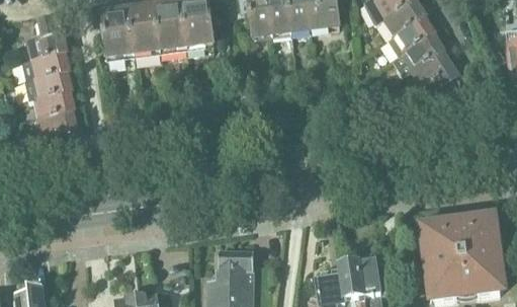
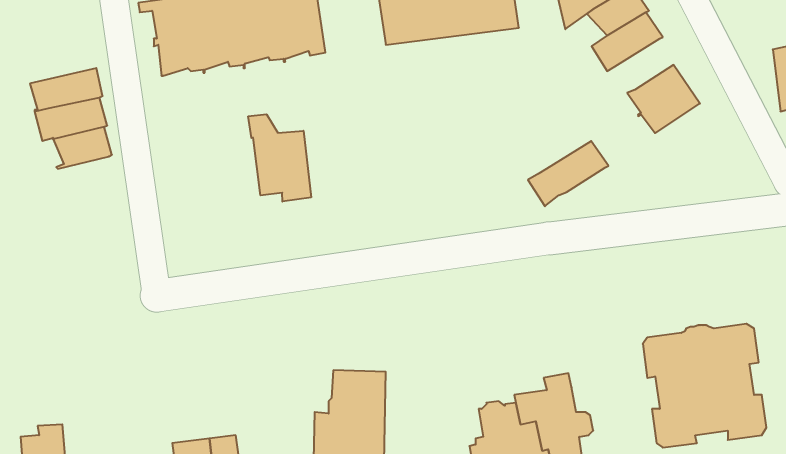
building: [20,15,66,63] -> none
building: [391,33,443,76] -> [528,141,608,206]
building: none -> [248,114,311,202]
building: [38,110,76,138] -> none

